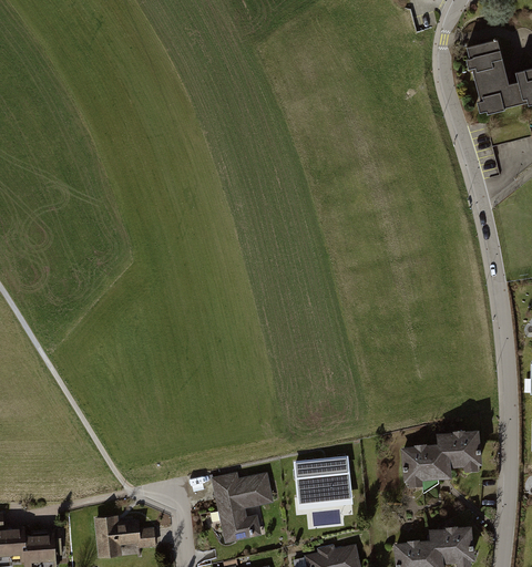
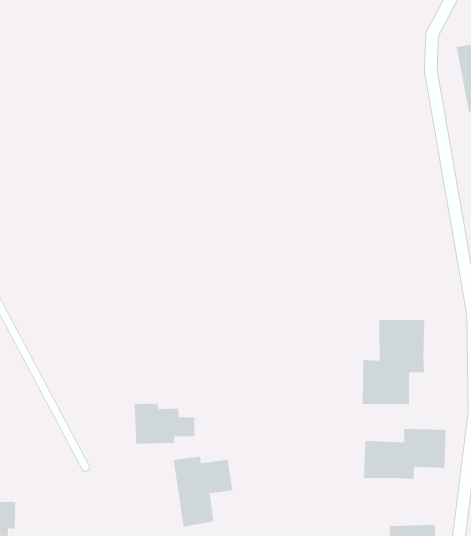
building: none -> [362,319,425,405]
building: [294,460,352,516] -> none
building: [93,514,156,556] -> [134,403,195,444]

